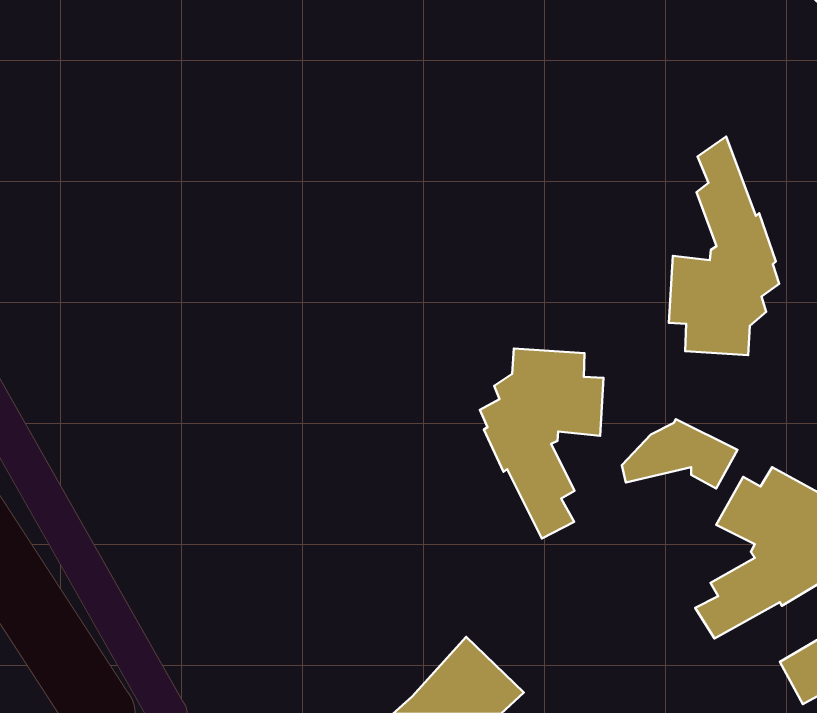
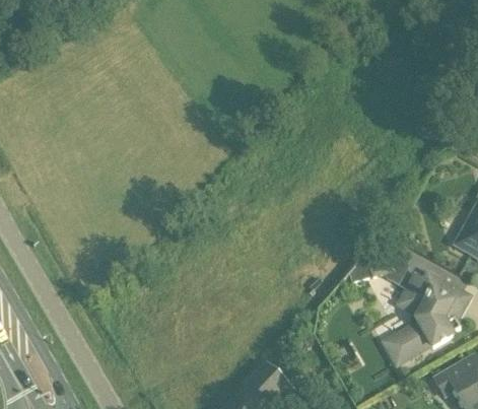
building: [669,136,779,355] -> none
building: [480,349,603,539] -> none

